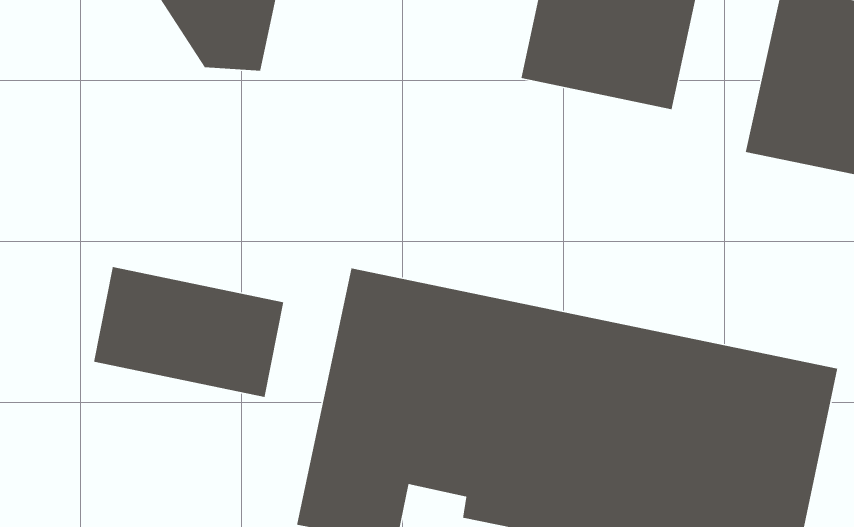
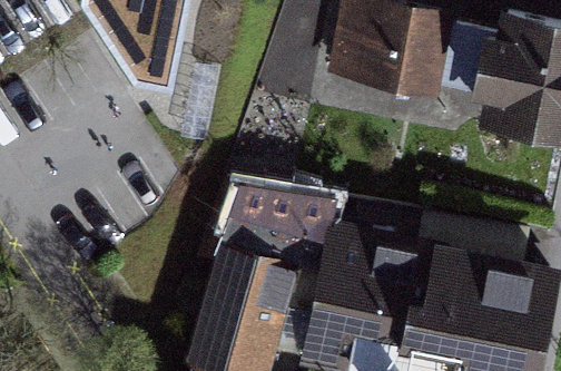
building: [93,266,284,398] -> none

